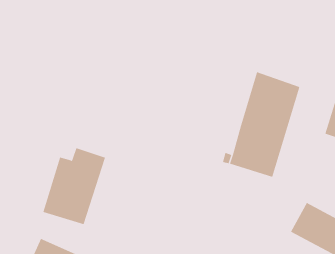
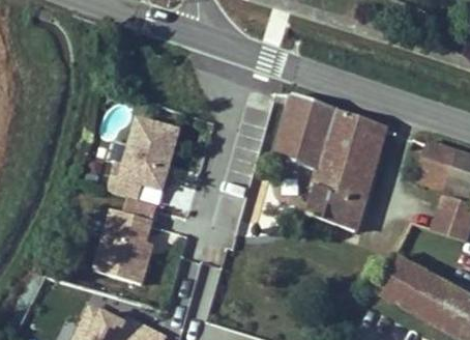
building: none -> [273,92,336,170]
building: none -> [107,112,182,203]

